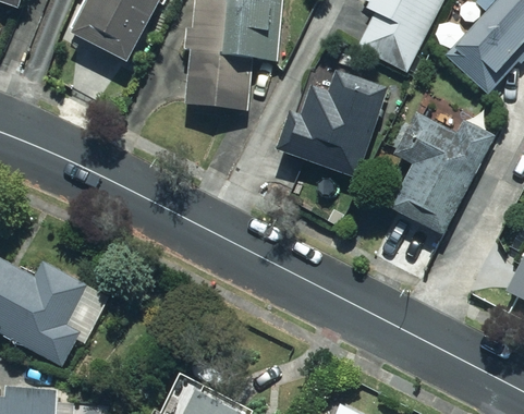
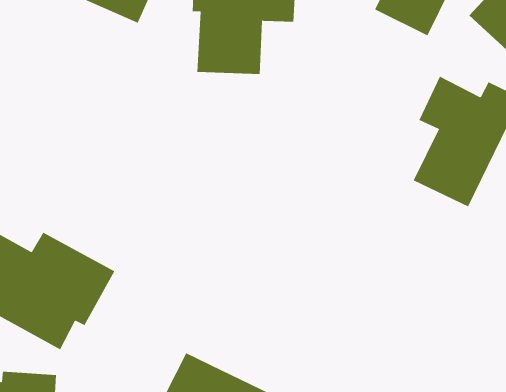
building: [279,68,387,179] -> none

